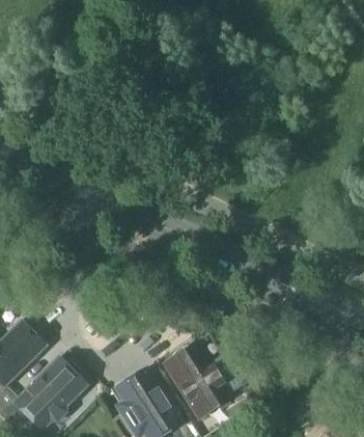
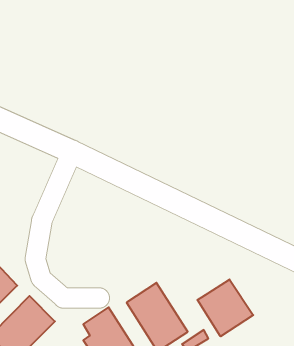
building: none -> [197,279,253,336]

